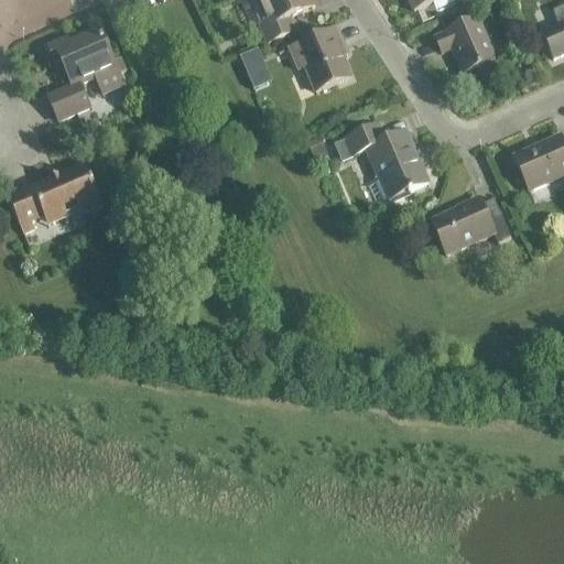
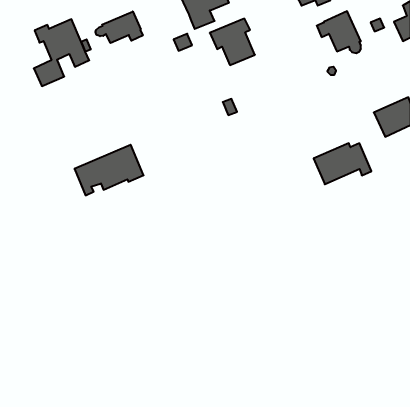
building: none -> [96,11,143,43]
building: [335,122,427,203] -> none
building: [8,162,102,231] -> [74,145,144,195]

